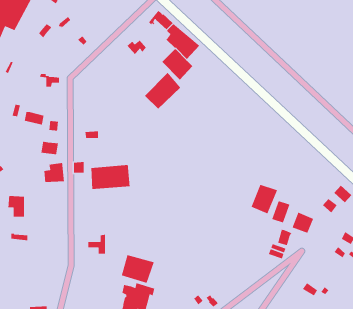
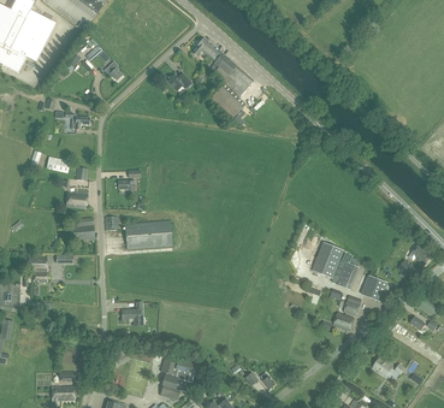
building: [144,72,181,110] -> none
building: [121,254,155,284] -> none

